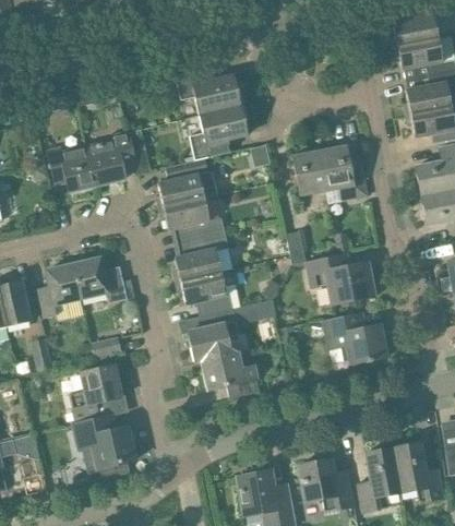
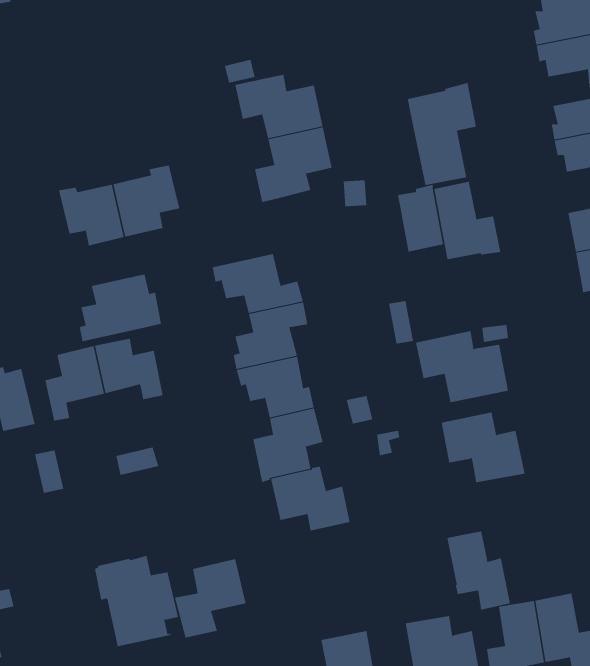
building: none -> [407,82,476,186]
building: [157,157,217,206] -> [79,274,162,342]
building: [69,364,121,422] -> [174,558,246,638]
building: none -> [447,530,511,610]

